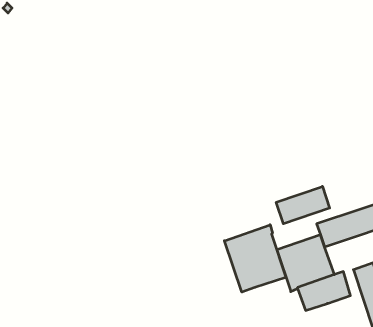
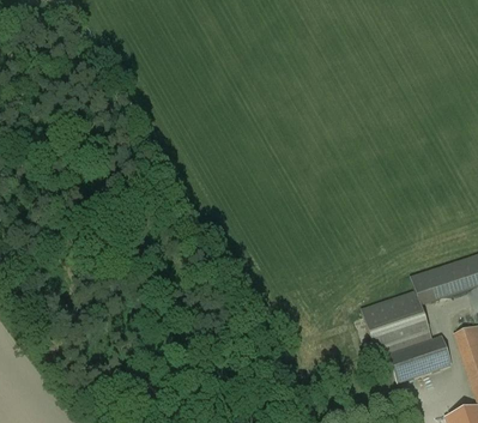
building: [276,186,330,224] -> none
building: [224,225,286,292] -> none

